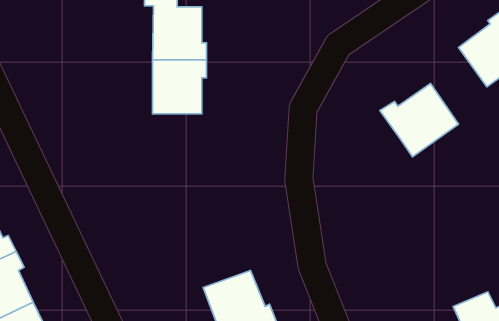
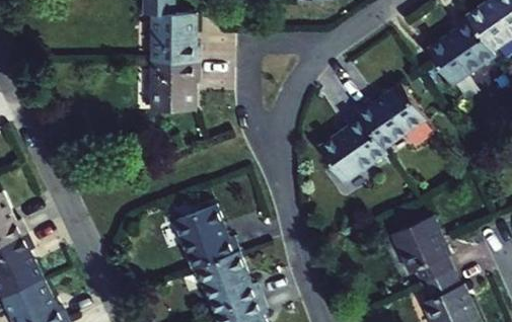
building: none -> [318,108,388,184]
building: none -> [174,206,239,269]
building: none -> [392,217,453,285]

